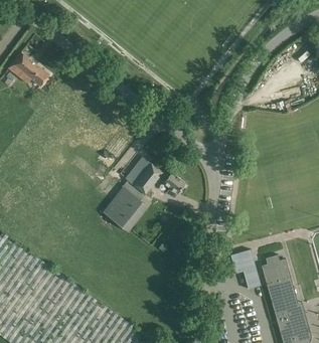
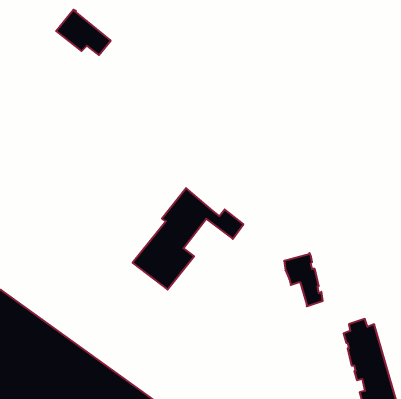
building: [7,51,48,85] -> [56,10,111,55]
building: [230,248,260,289] -> [284,253,323,306]

